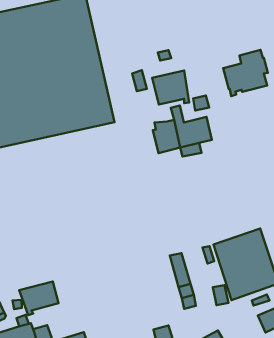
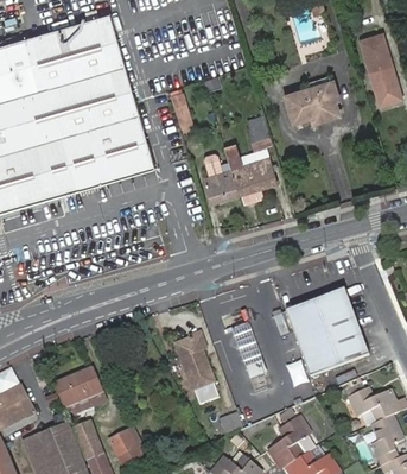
building: [152,70,189,105] -> none
building: none -> [178,335,215,391]

